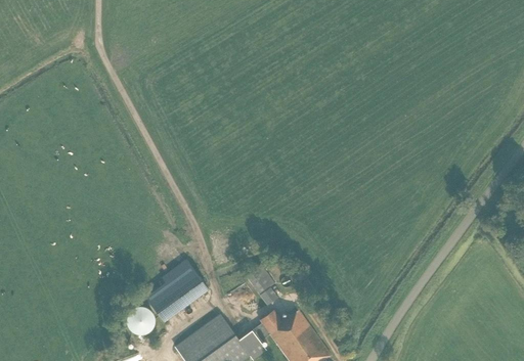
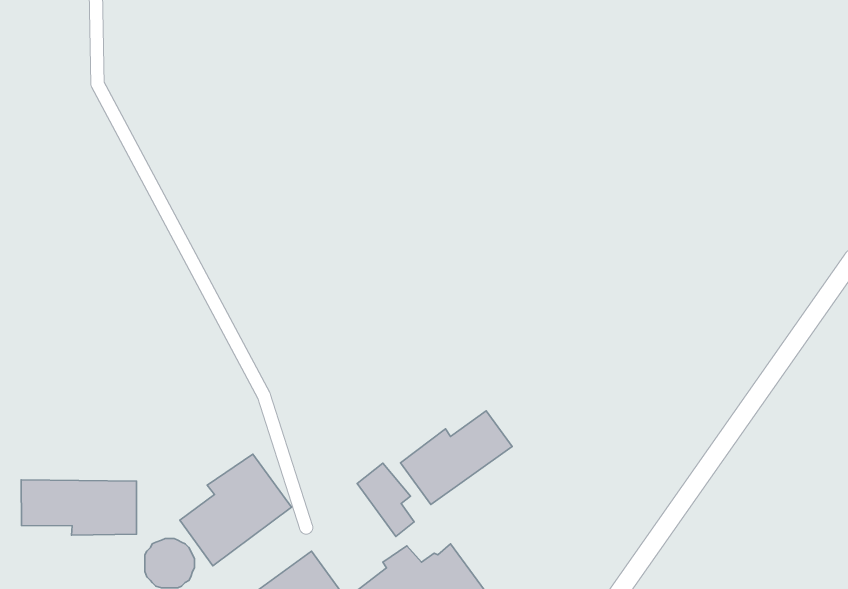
building: none -> [401,411,512,505]
building: none -> [21,480,136,535]

